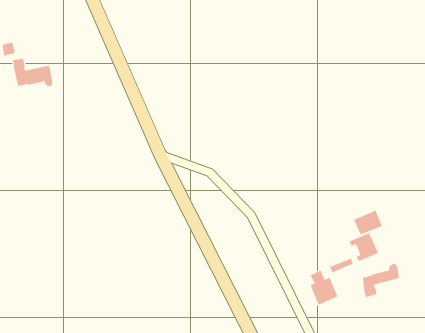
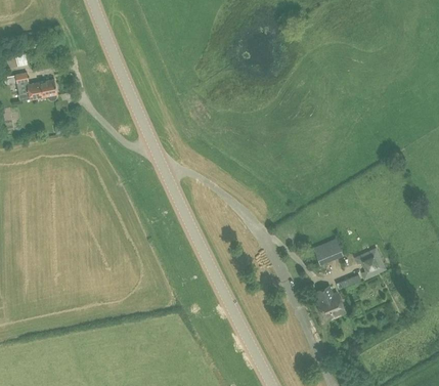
building: [353,210,382,235] -> [312,237,342,262]
building: [362,263,399,298] -> none

